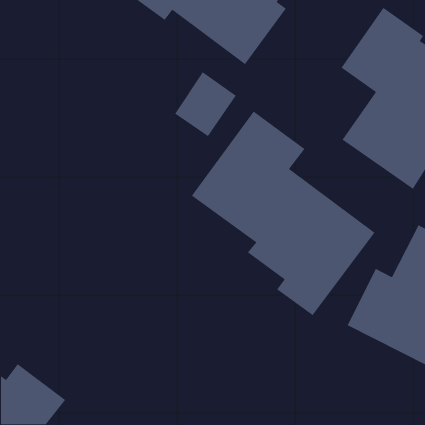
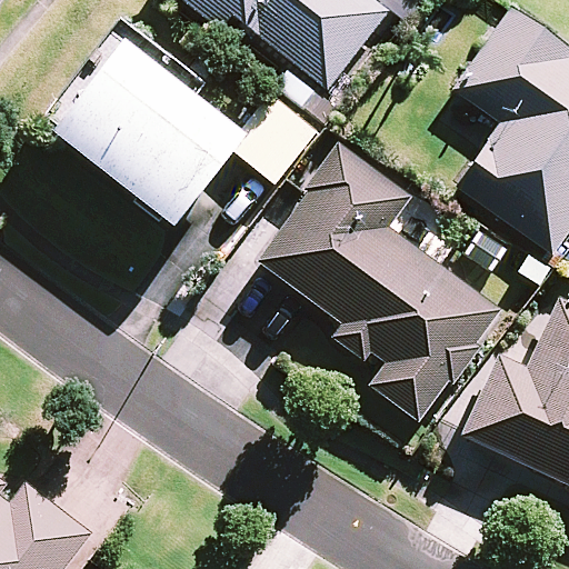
building: none -> [47,36,242,224]

